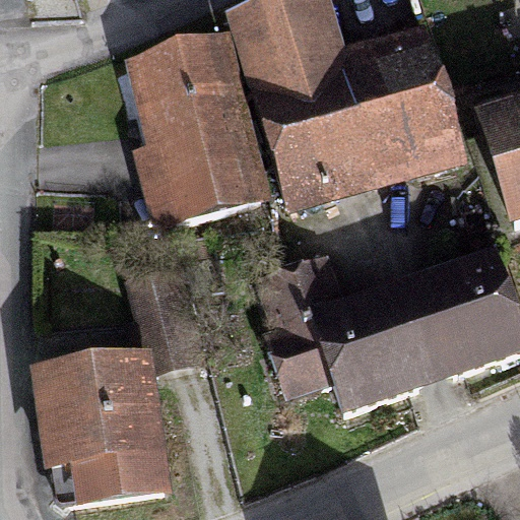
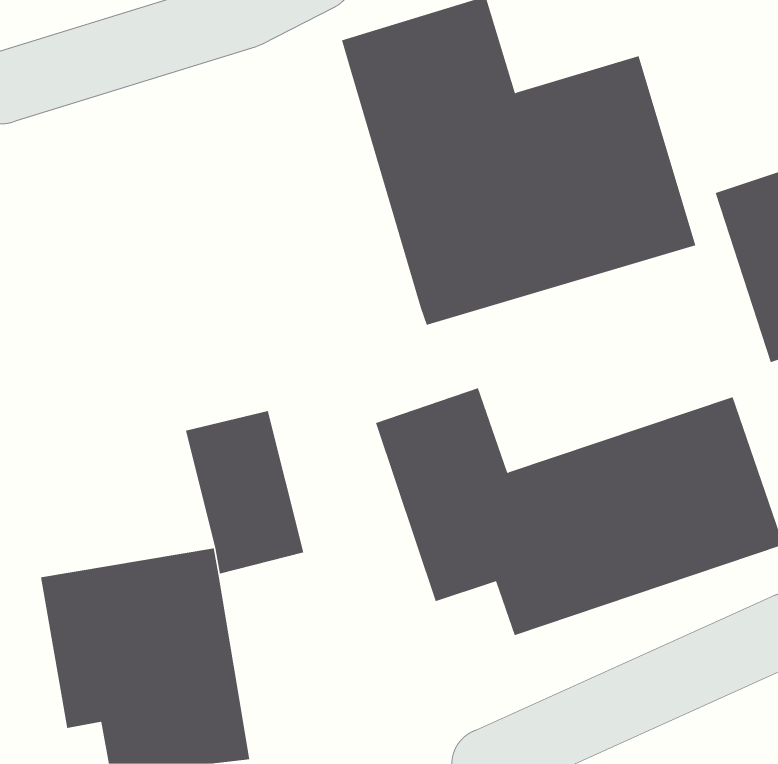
building: [127,44,283,235] -> none

